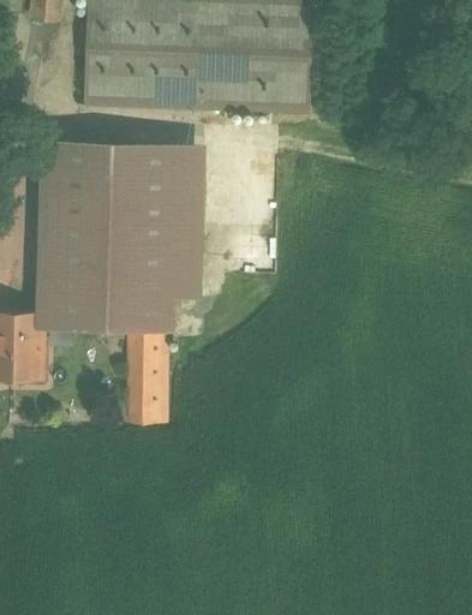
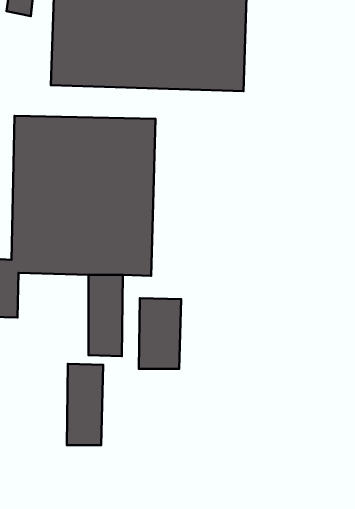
building: none -> [139,298,181,369]
building: none -> [67,364,103,445]

